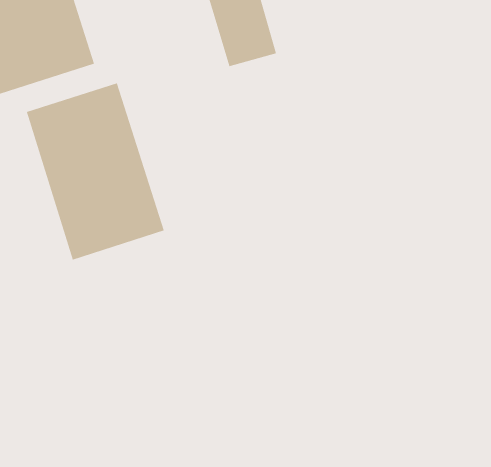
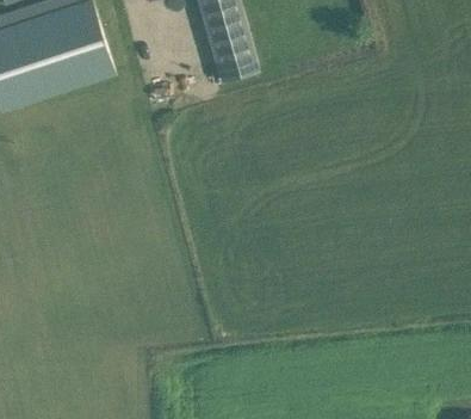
building: [26,83,165,260] -> none

